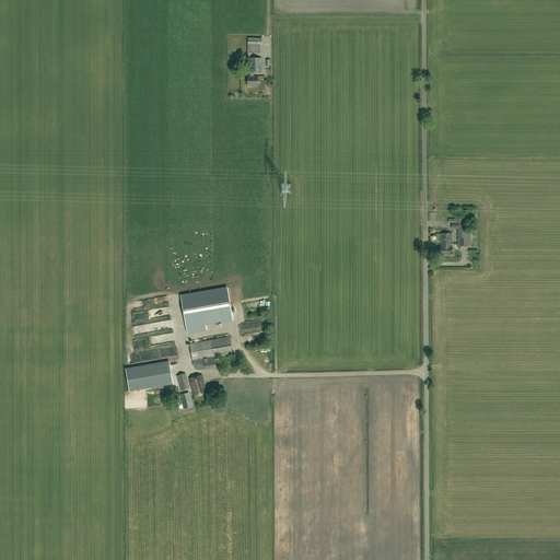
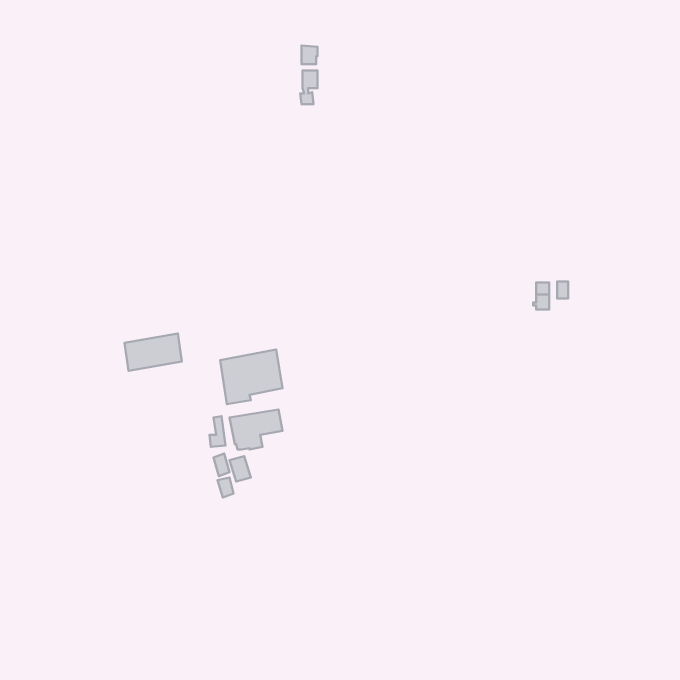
building: [125,360,172,390] -> [124,334,182,371]

